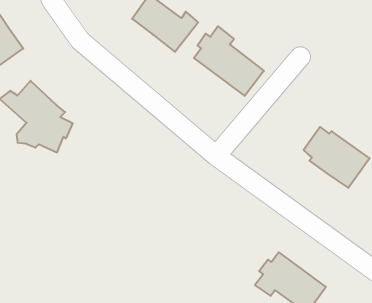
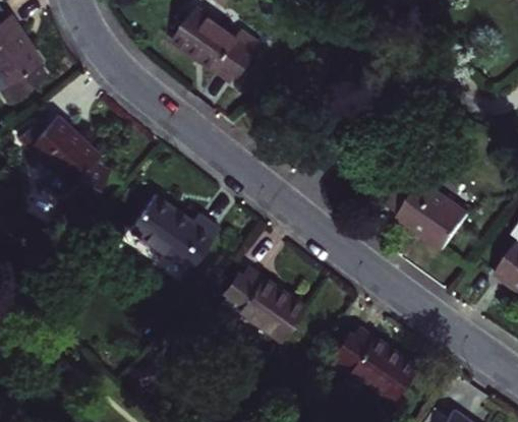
building: [194,26,264,96] -> none
building: none -> [132,200,222,275]
building: none -> [223,269,304,341]

